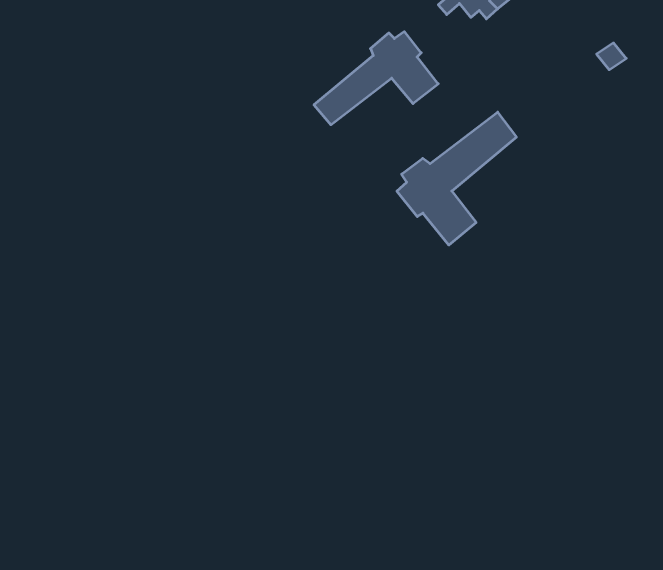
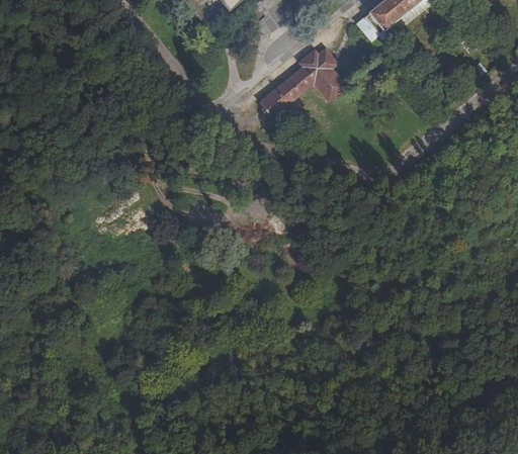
building: [397,112,516,245] -> none

